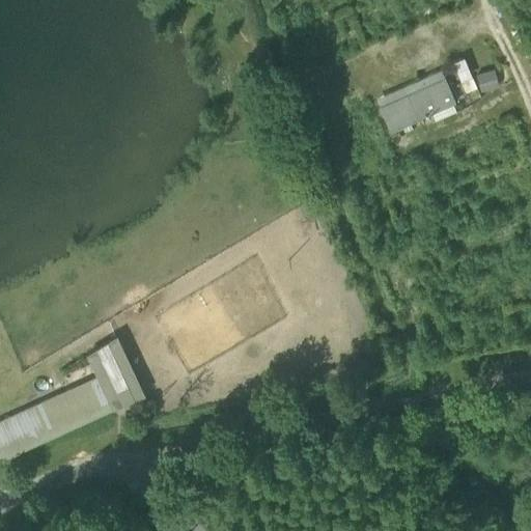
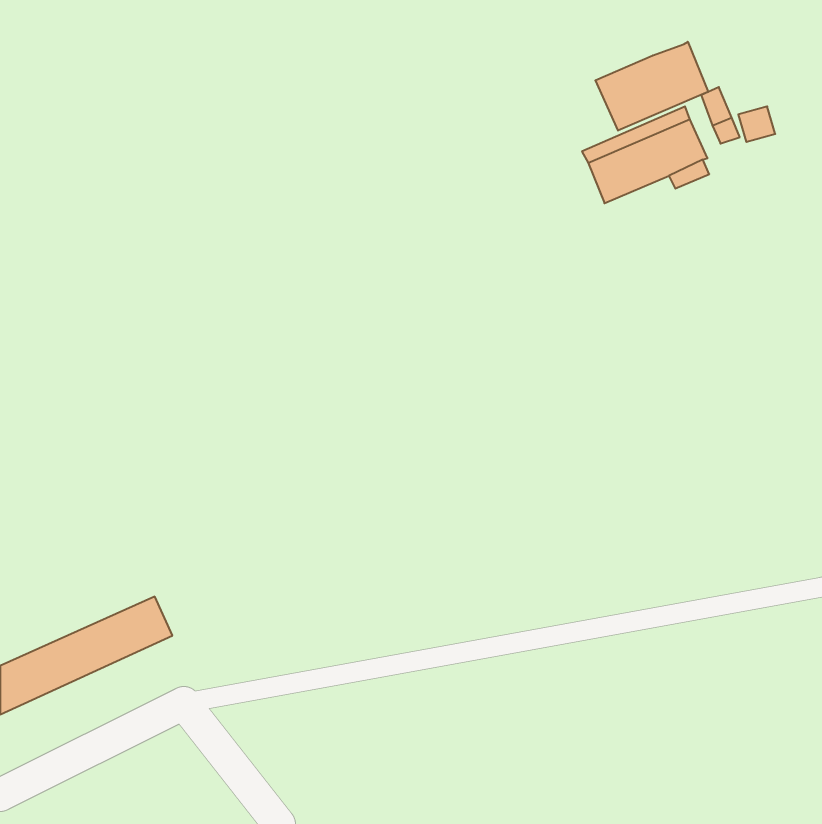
building: none -> [595,42,708,131]
building: [87,338,141,409] -> none

